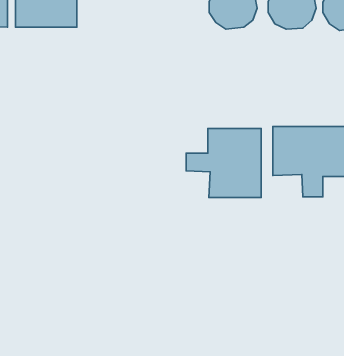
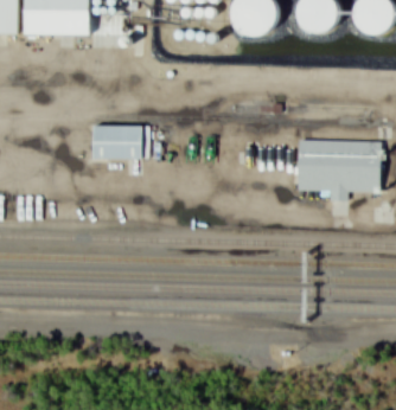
building: none -> [91,124,149,174]
building: [186,128,261,197] -> none

